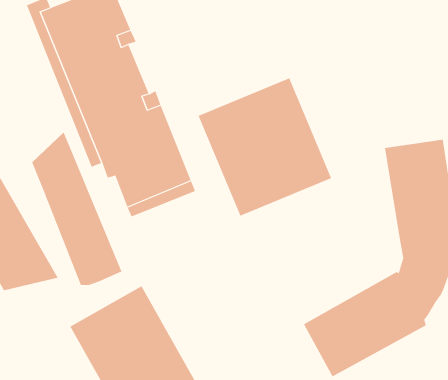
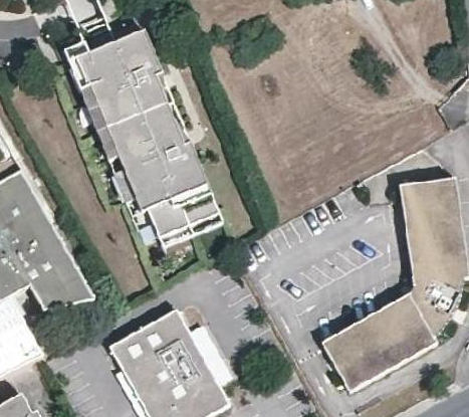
building: [198,78,332,217] -> none
building: [31,132,122,286] -> none

